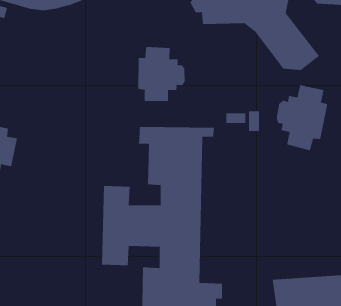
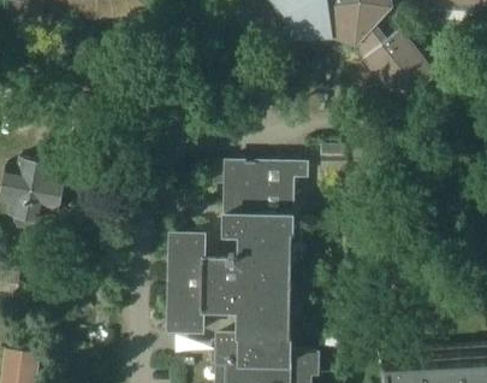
building: [138,46,185,102] -> none
building: [276,84,328,151] -> none

